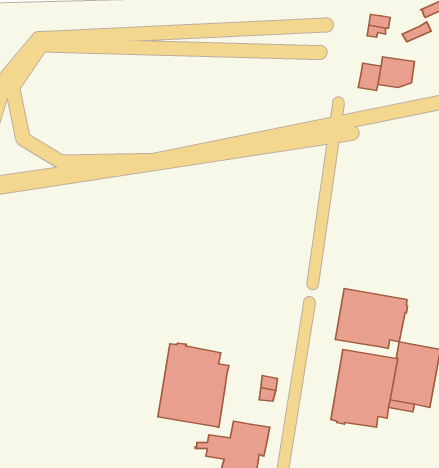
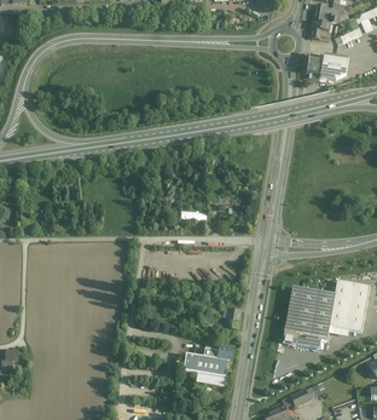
building: [335,289,408,348] -> none
building: [158,343,229,427] -> none

